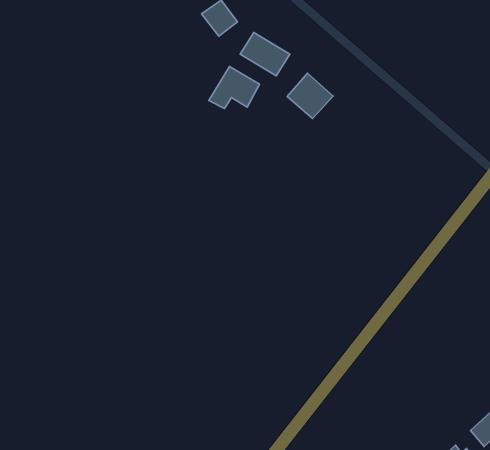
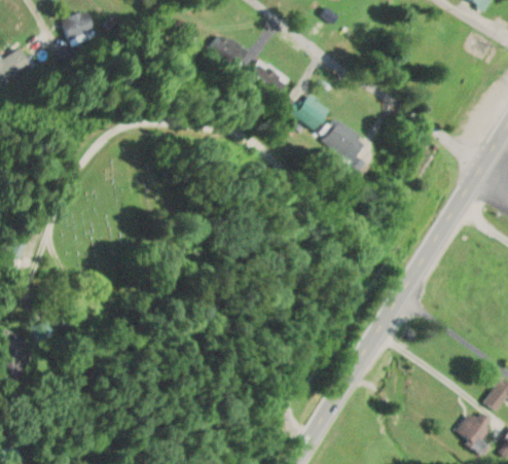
building: [209,66,259,109] -> none
building: none -> [321,120,368,162]

